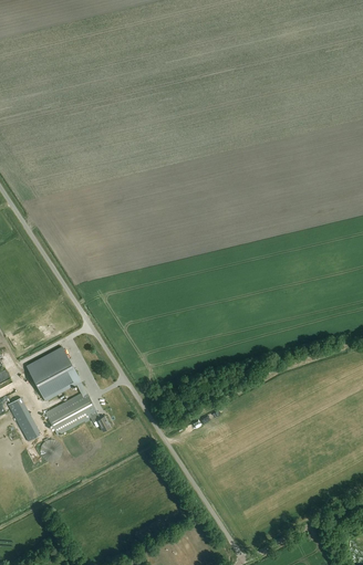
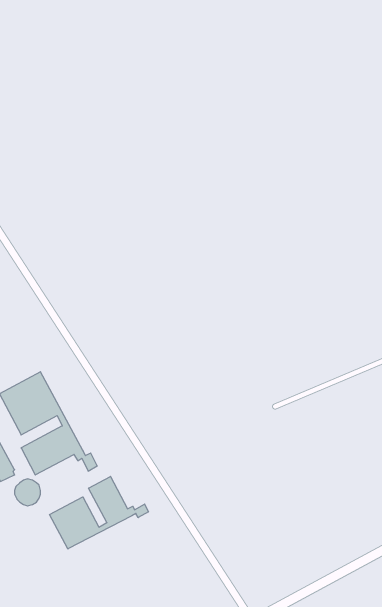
building: none -> [50,476,148,549]

